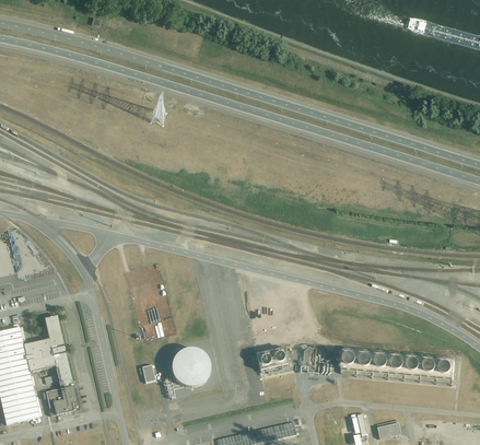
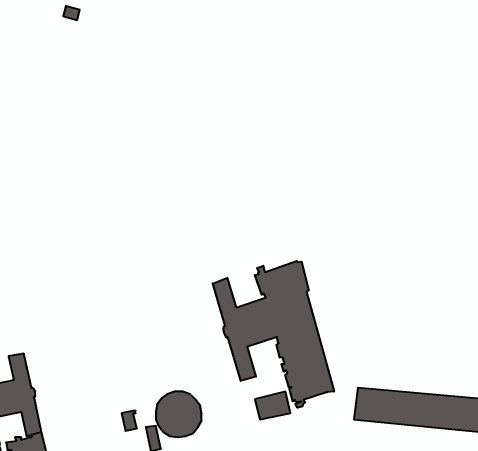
building: none -> [213,261,334,408]

